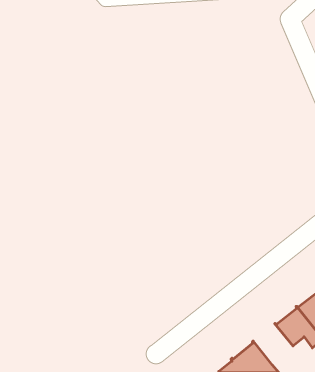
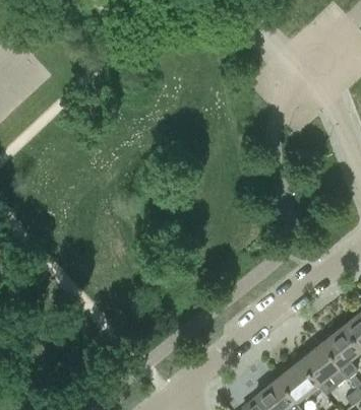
building: none -> [278,360,318,402]

